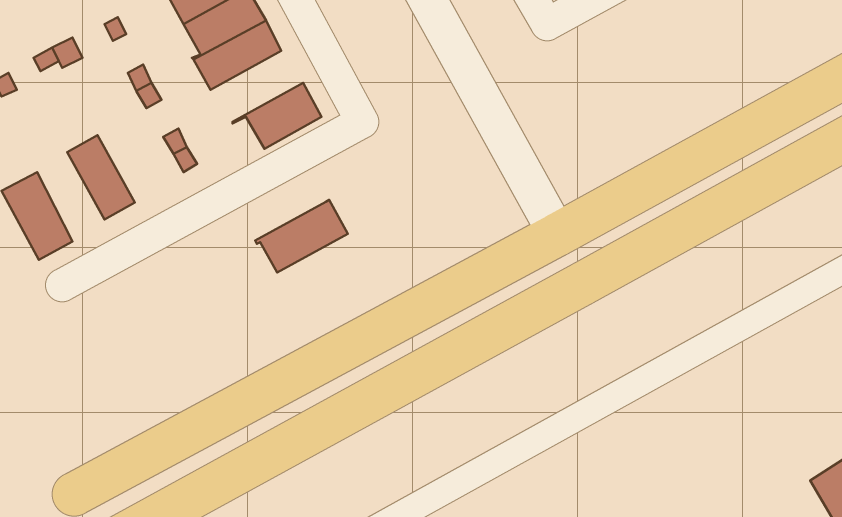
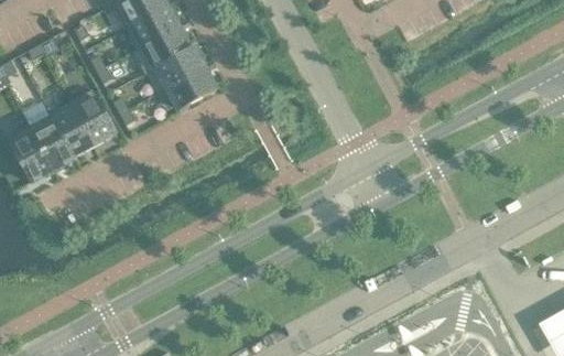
building: none -> [69,88,116,144]
building: none -> [30,111,75,170]
building: [255,200,348,272] -> [143,44,204,91]

